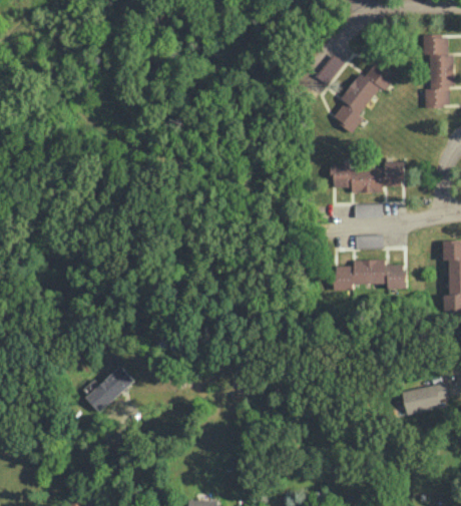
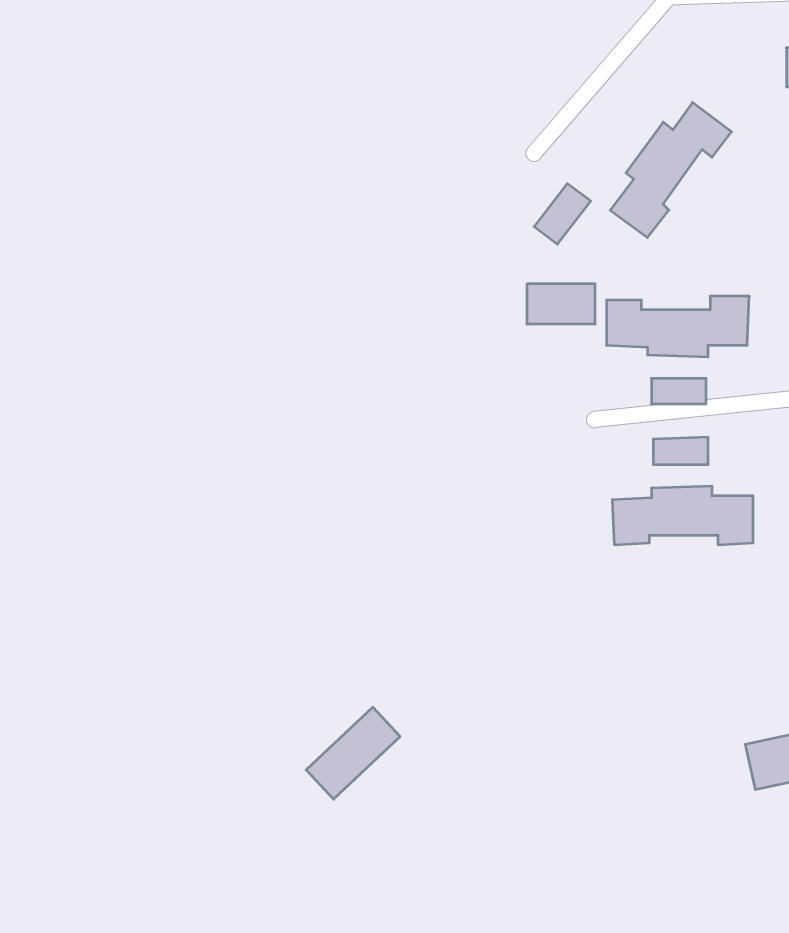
building: [315,54,344,85] -> [534,184,591,244]
building: none -> [527,284,595,324]
building: [86,366,134,413] -> [306,707,400,799]

